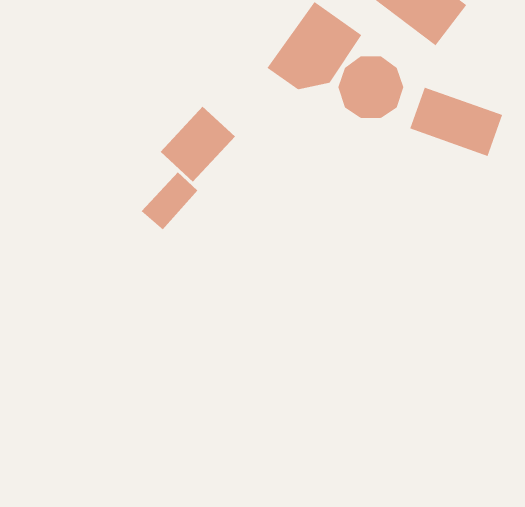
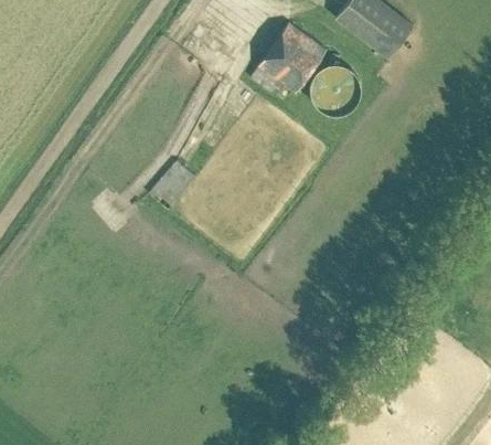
building: [409,87,503,157] -> none
building: [160,106,236,183] -> none

